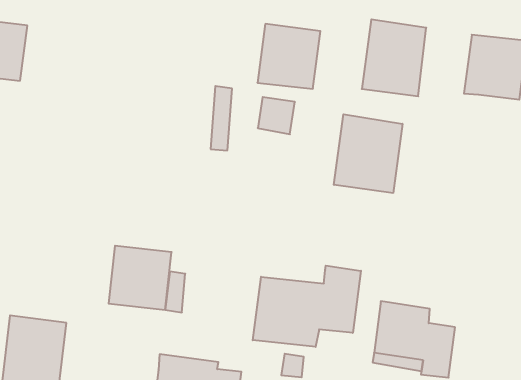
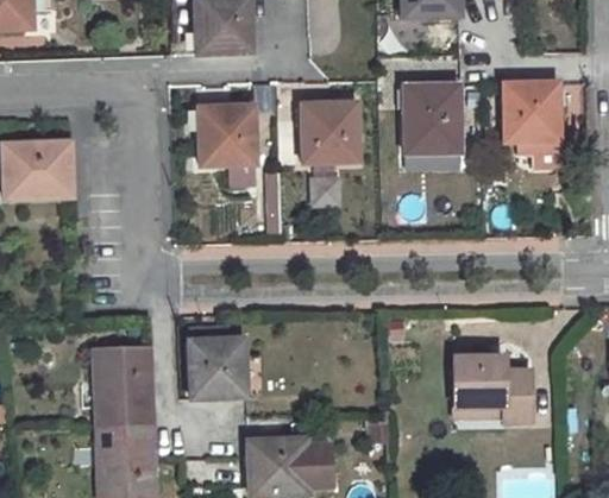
building: none -> [197,106,255,164]
building: [334,114,402,193] -> none
building: none -> [94,348,152,424]
building: [253,266,361,347] -> none

